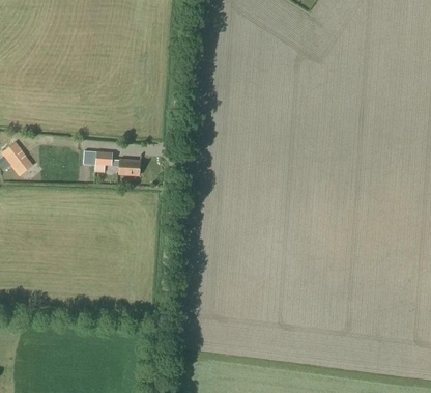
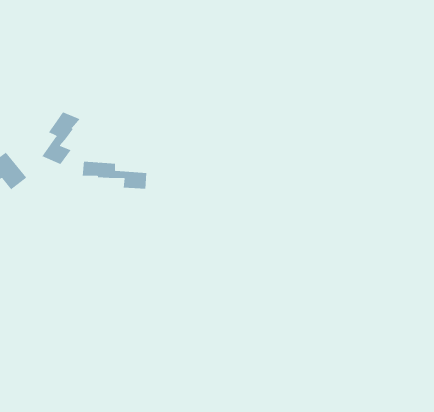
building: none -> [42,111,81,165]

